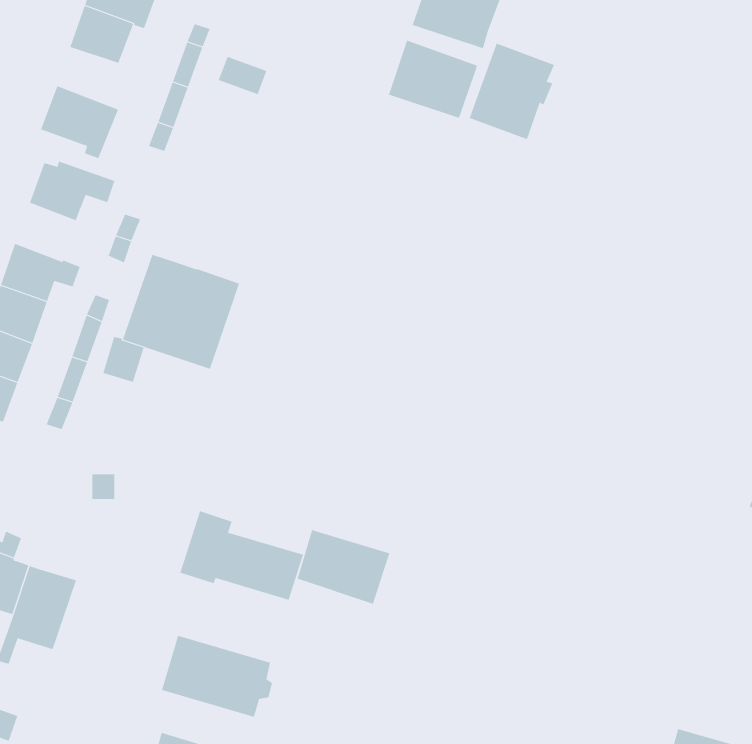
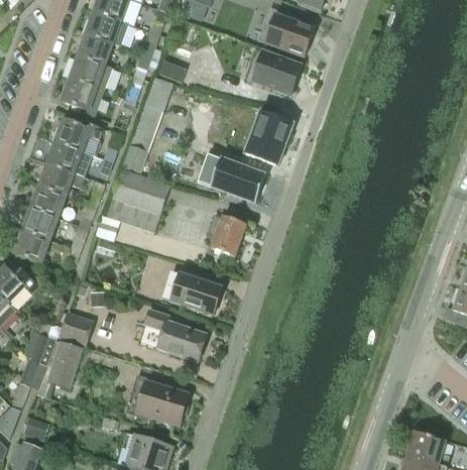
building: [469,43,555,140] -> [245,111,293,164]
building: none -> [71,54,112,89]
building: none -> [124,76,172,170]
building: none -> [47,140,92,172]
building: none -> [196,151,265,202]
building: none -> [213,216,247,256]
building: none -> [59,312,94,344]
building: [297,529,390,605] -> [171,272,223,314]

